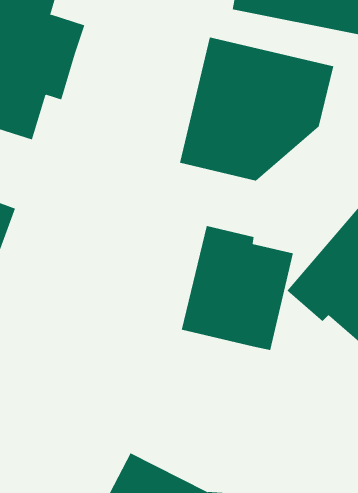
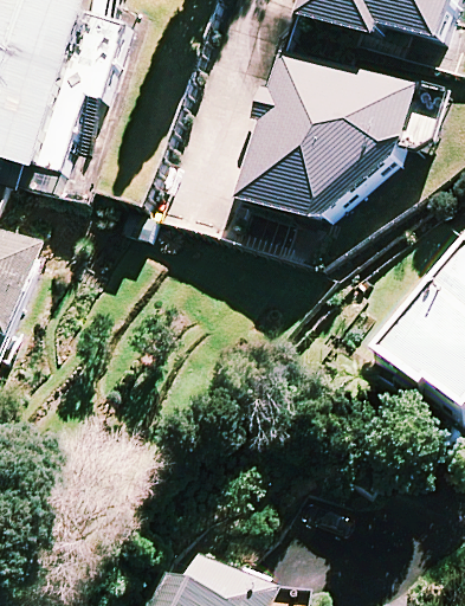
building: [181,225,293,351] -> none

